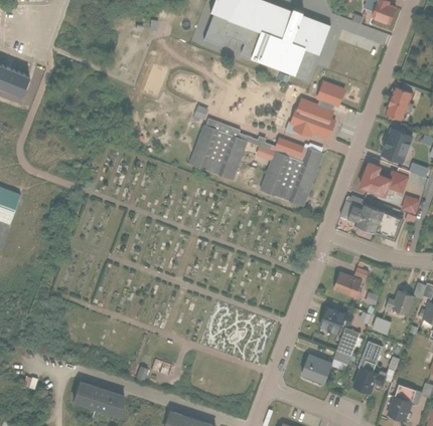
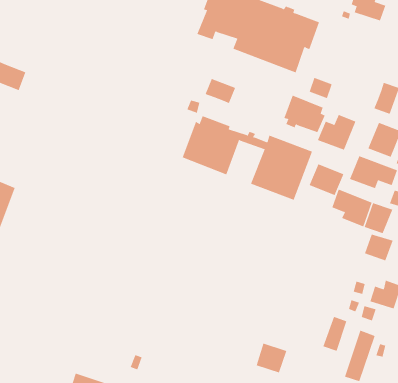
building: none -> [205,78,236,104]
building: none -> [317,114,356,151]
building: none -> [309,164,344,196]
building: [331,272,362,300] -> [364,234,394,261]
building: [317,306,346,337] -> none
building: [299,355,331,386] -> [256,343,287,373]

